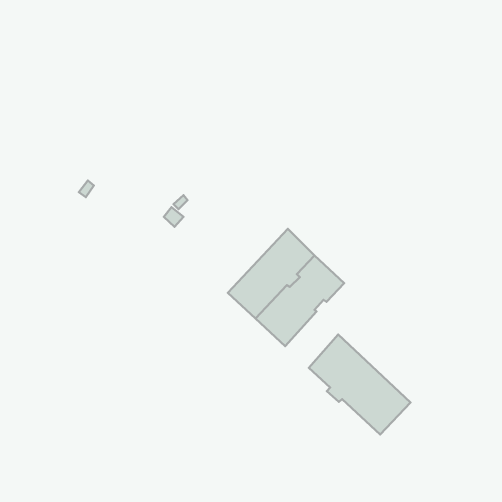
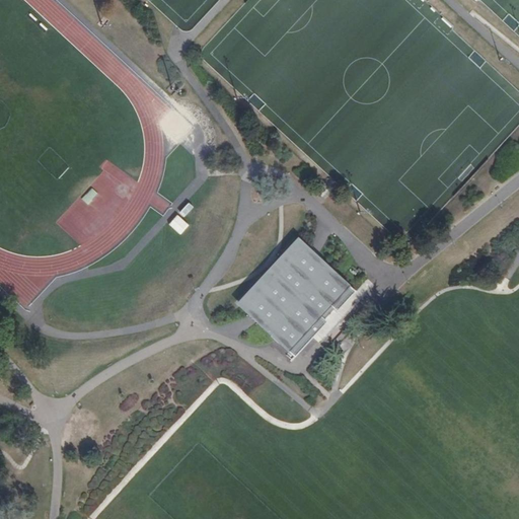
building: [309,335,411,435] -> none

